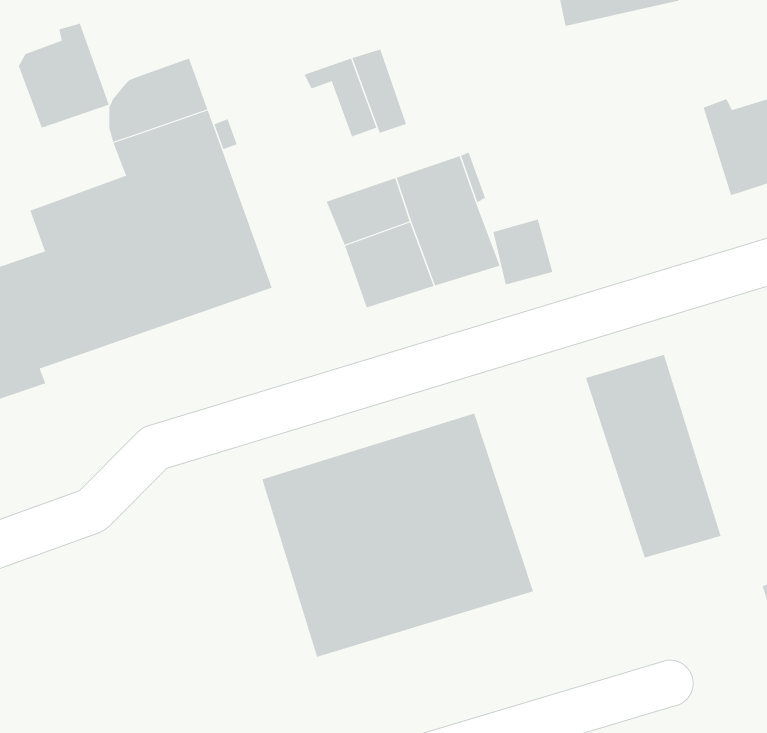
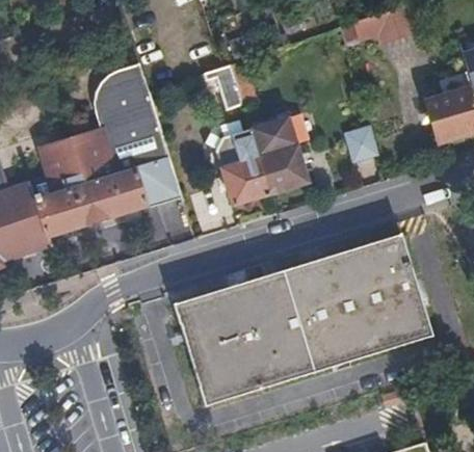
building: [18,23,110,128] -> none
building: [492,219,553,285] -> [343,126,377,163]
building: none -> [294,246,390,367]

